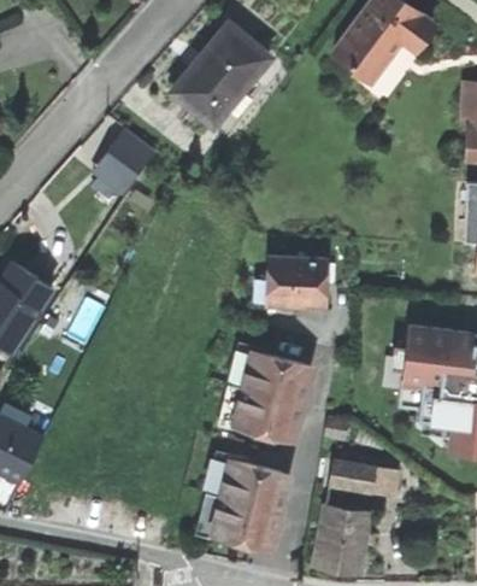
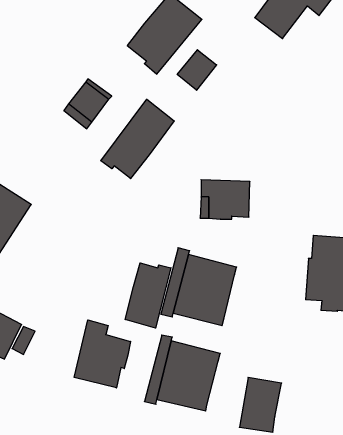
building: none -> [177,50,217,90]
building: none -> [101,99,174,179]
building: none -> [125,263,171,328]
building: none -> [74,320,131,388]
building: [330,462,416,498] -> none

